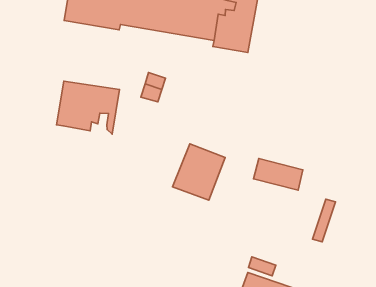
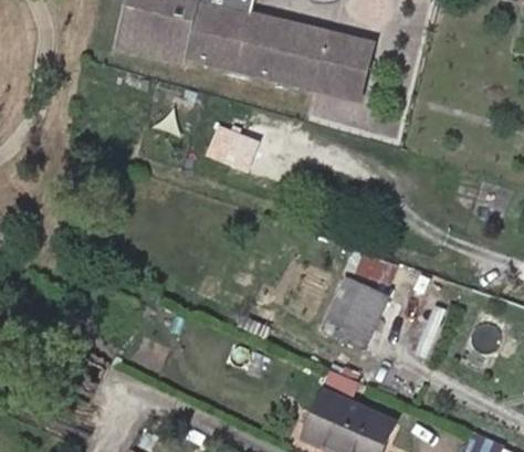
building: [57,81,120,134] -> none
building: [172,144,225,200] -> [317,275,388,349]

